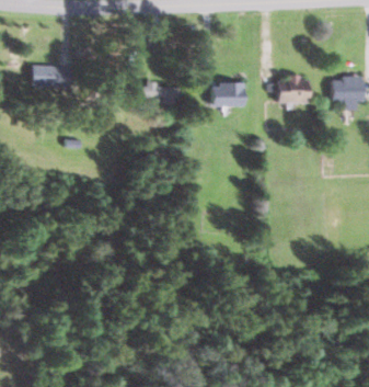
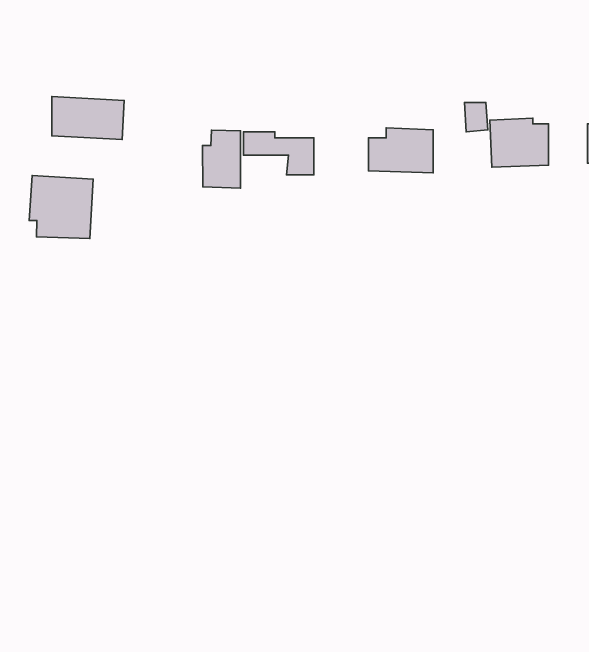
building: none -> [202,130,240,188]
building: none -> [29,176,93,238]

